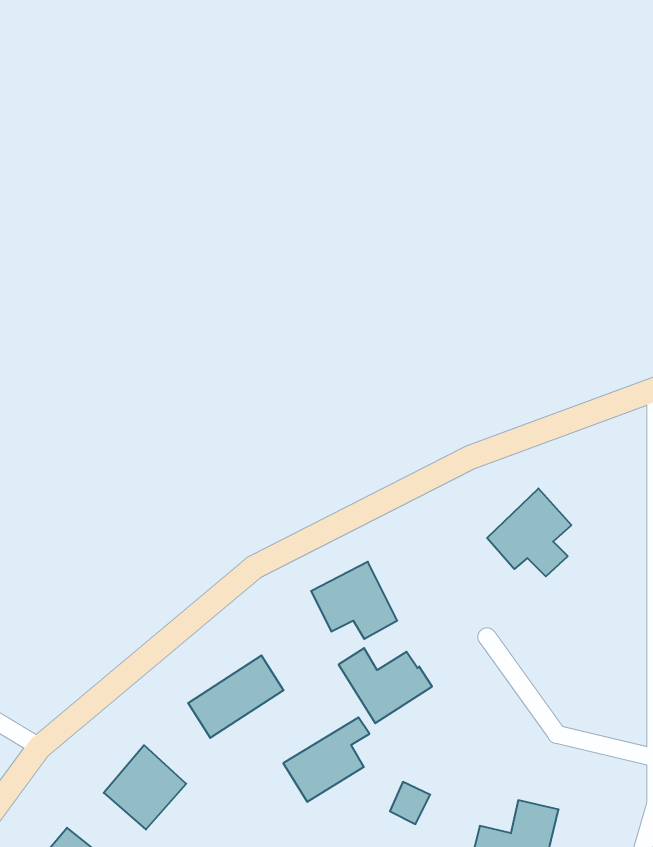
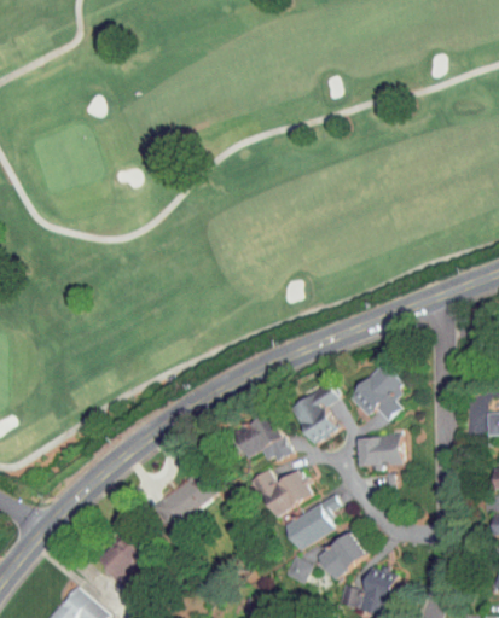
building: none -> [289,383,338,442]
building: none -> [358,435,401,467]
building: [283,717,369,802] -> [283,495,340,550]
building: none -> [315,531,366,579]

